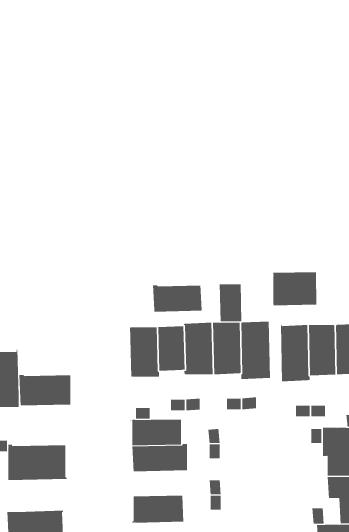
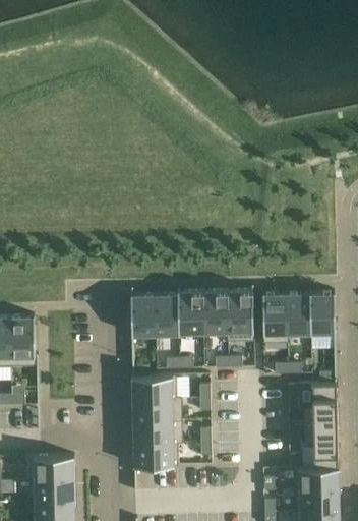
building: [273,271,317,306] -> none
building: [219,283,242,322] -> none
building: [152,285,203,313] -> none
building: [19,374,71,406] -> none
building: [8,444,67,481] -> none
building: none -> [133,420,182,443]

